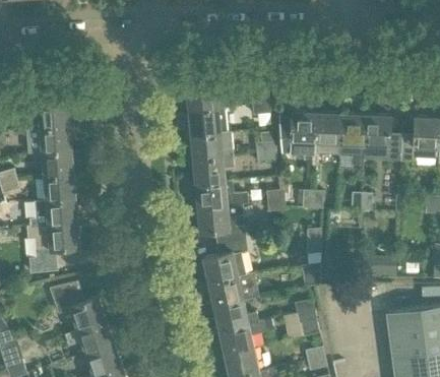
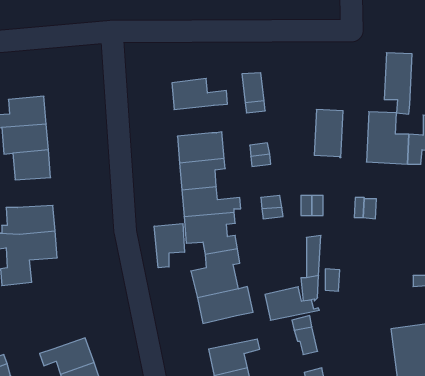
building: [186,108,227,136] -> none
building: [280,111,318,153] -> none
building: [340,113,366,169] -> [384,53,412,114]
building: [35,174,77,201] -> none
building: none -> [154,224,185,268]
building: [50,280,107,330] -> none
building: [214,300,264,330] -> [265,287,319,320]

